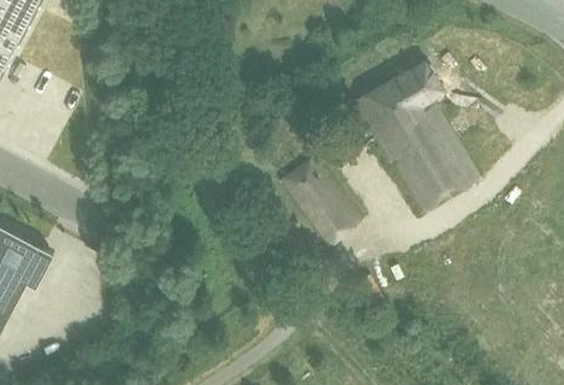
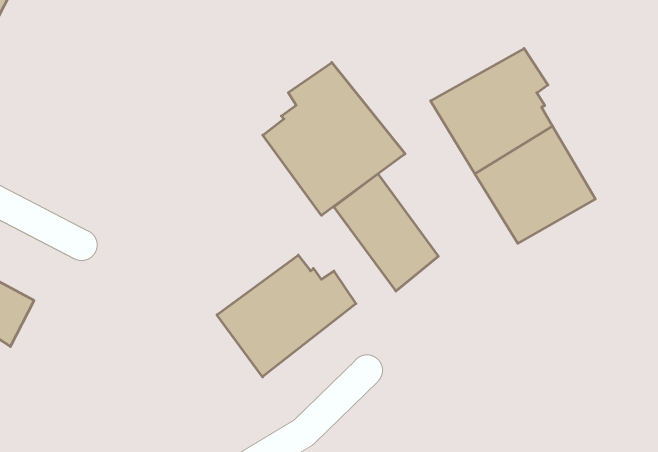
building: none -> [263,62,405,215]
building: none -> [217,255,356,377]

